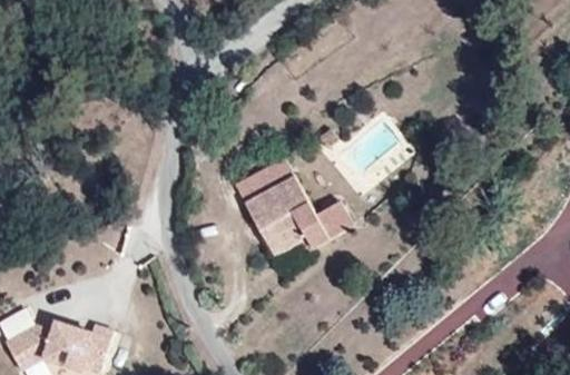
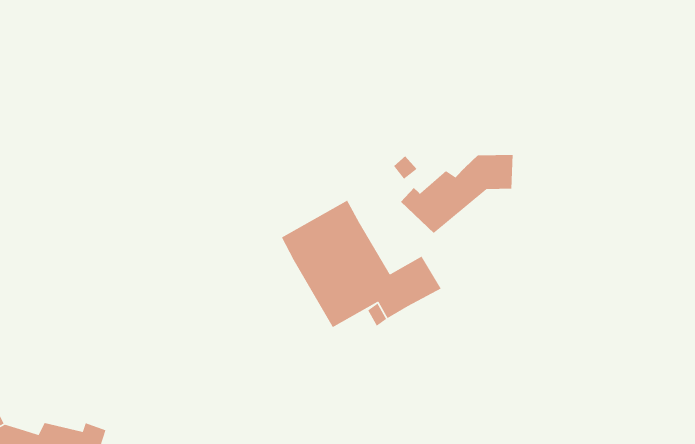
building: none -> [400,154,514,234]

